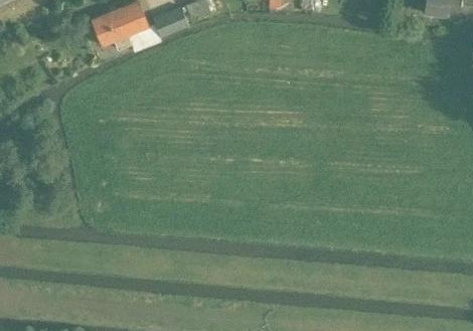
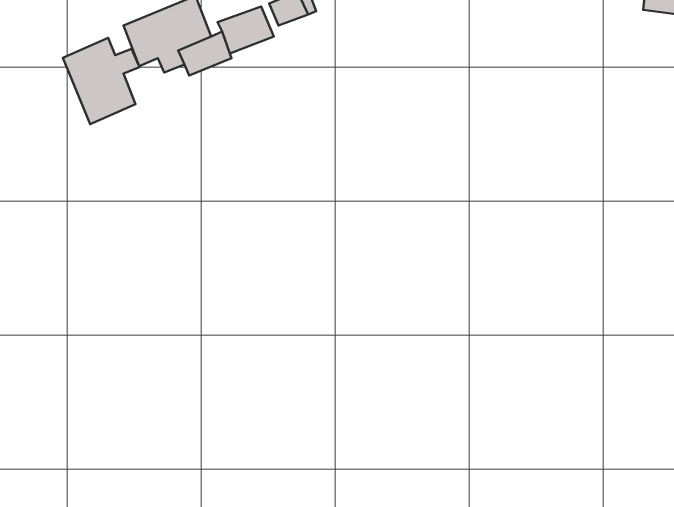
building: none -> [63,38,140,124]

